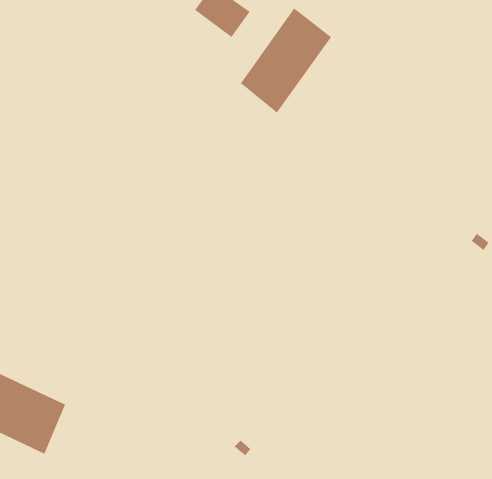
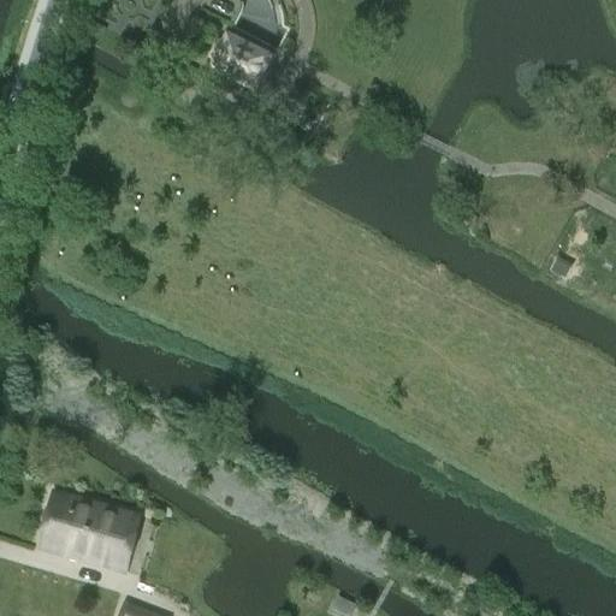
building: [240,8,332,114] -> none

